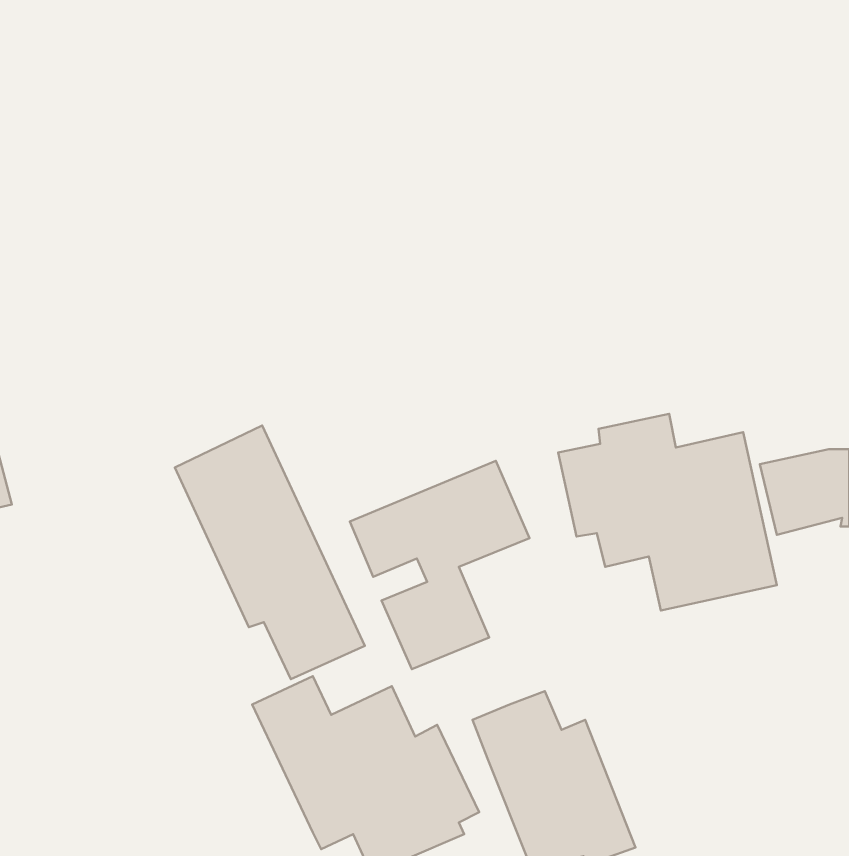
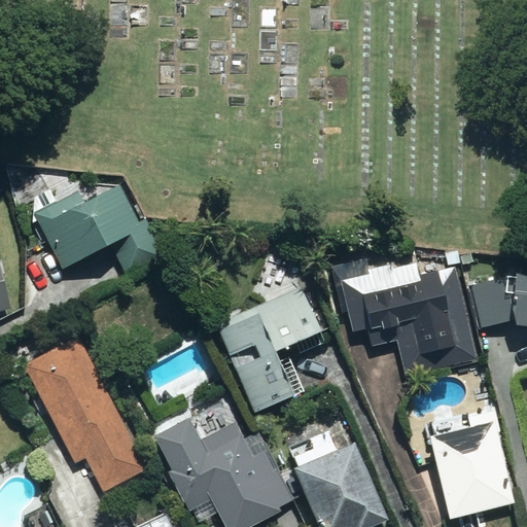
building: none -> [28,182,154,276]
building: [175,425,365,679] -> [28,337,144,492]
building: none -> [412,408,515,517]

